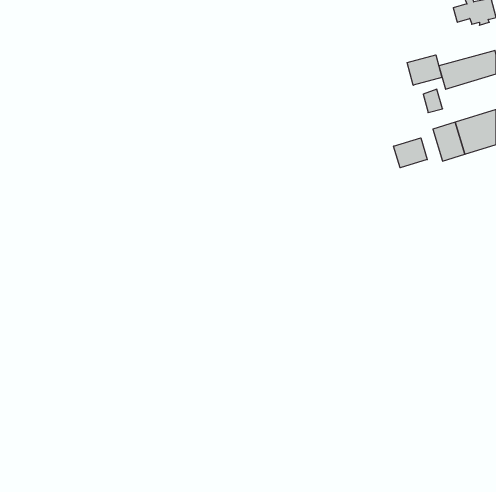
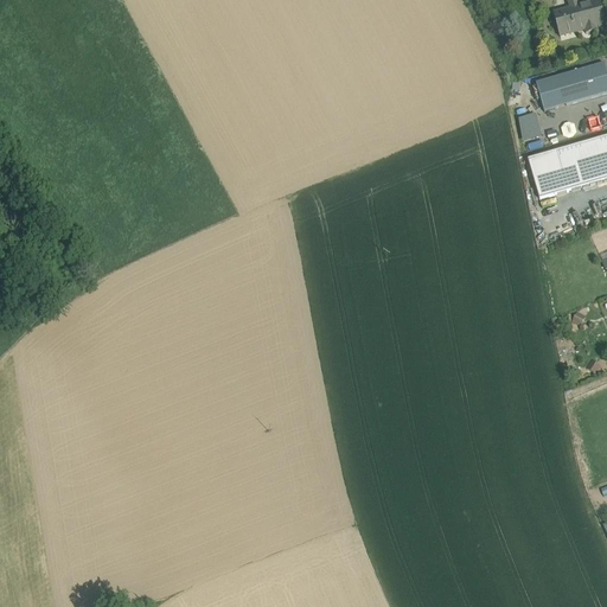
building: [407,55,442,85] -> none
building: [394,138,427,168] -> none

